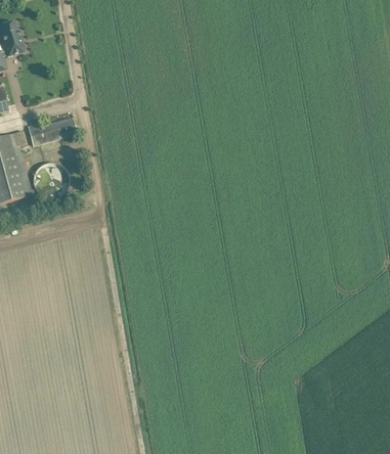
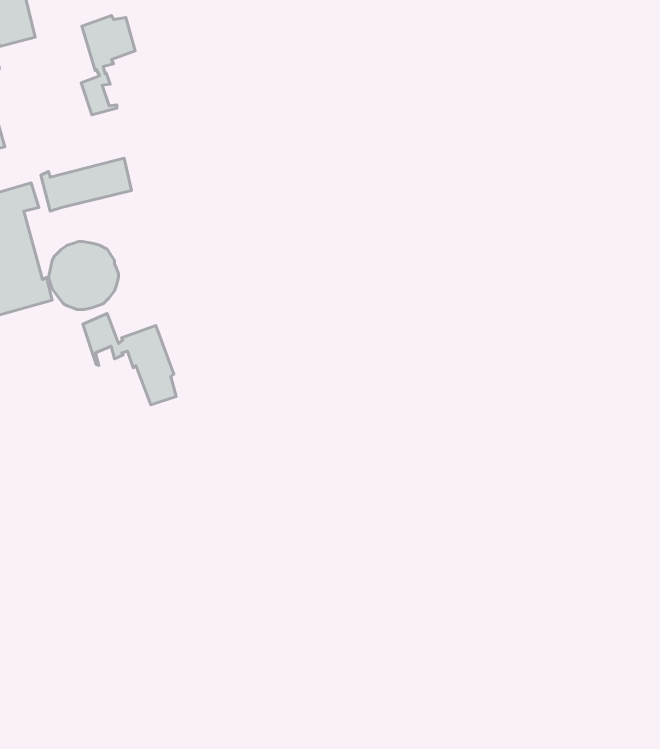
building: none -> [81,15,135,115]
building: none -> [83,313,176,405]

